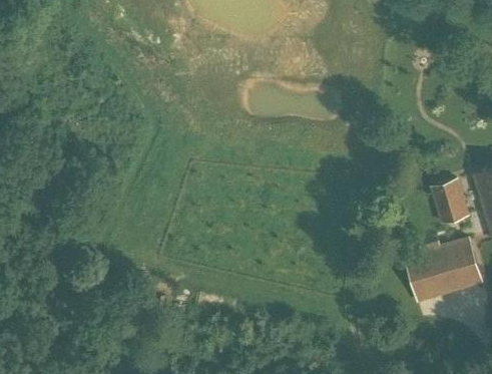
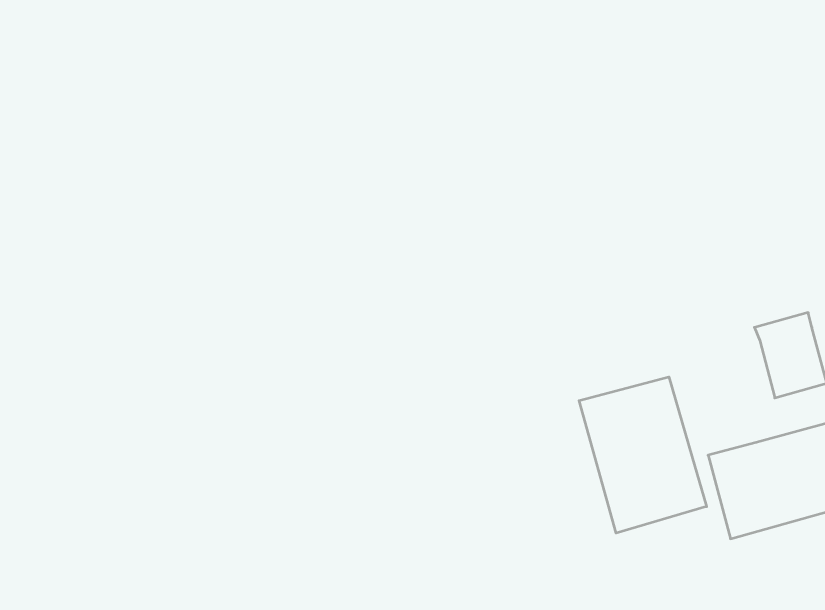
building: none -> [579,377,707,533]

